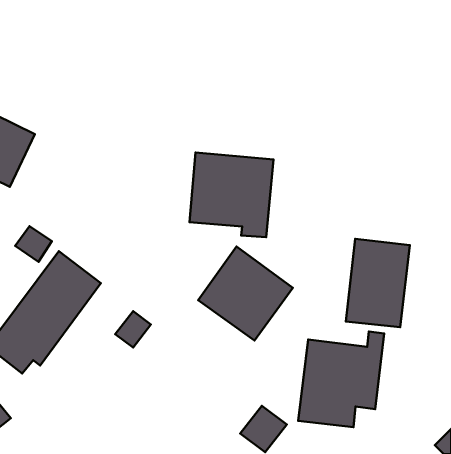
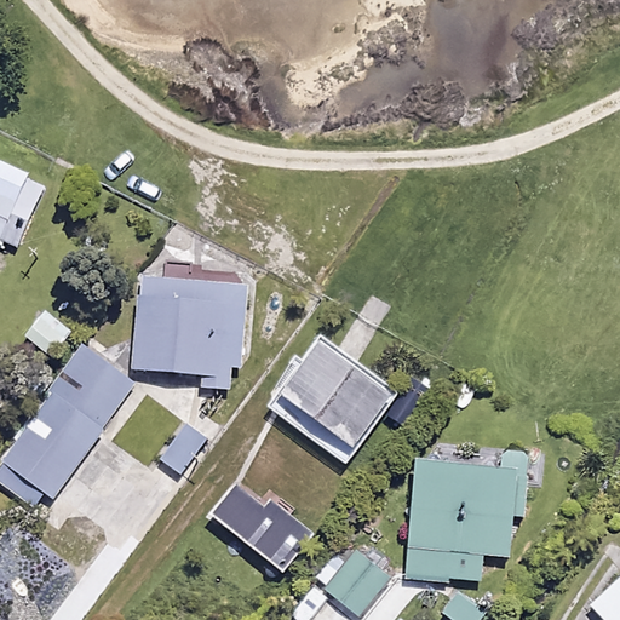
building: [189,152,273,237] -> [134,274,248,389]
building: [346,239,410,327] -> none
building: none -> [212,484,308,596]

